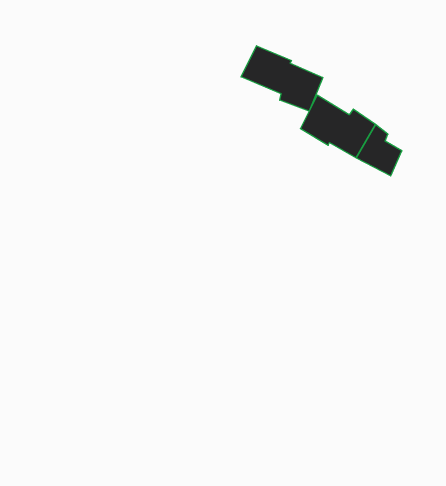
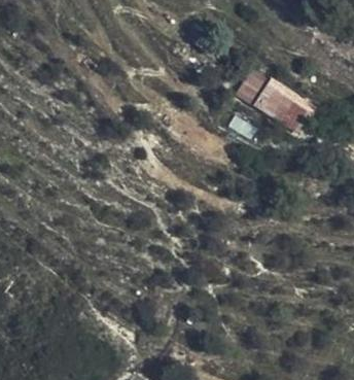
building: [241,46,323,111] -> none

